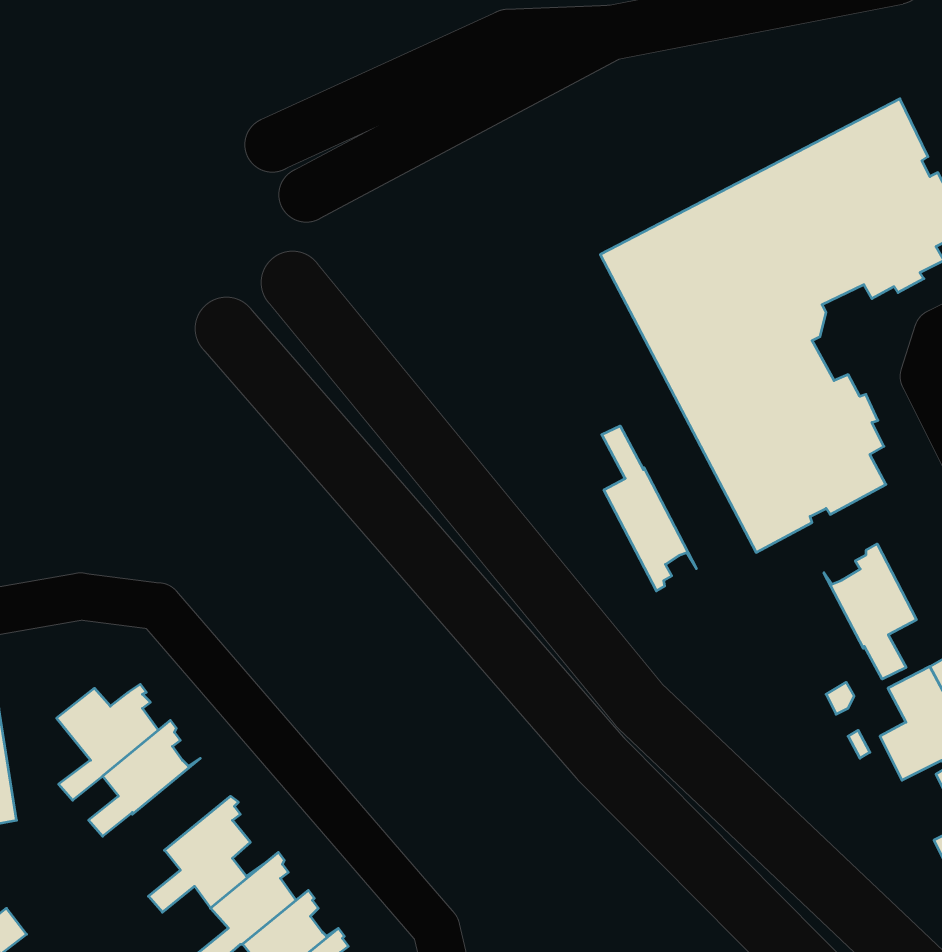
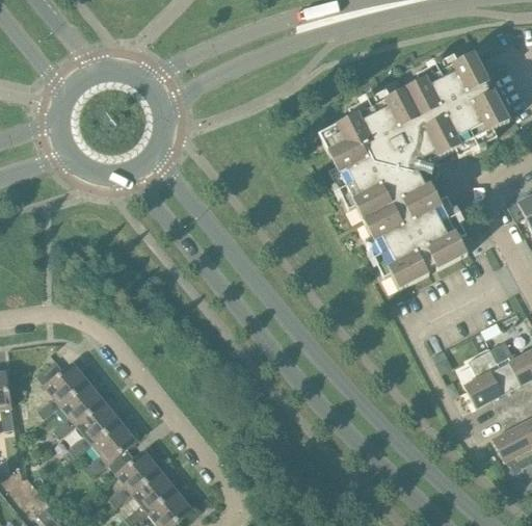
building: [602,426,696,591] -> none
building: [824,544,916,679] -> none
building: none -> [68,396,126,456]

